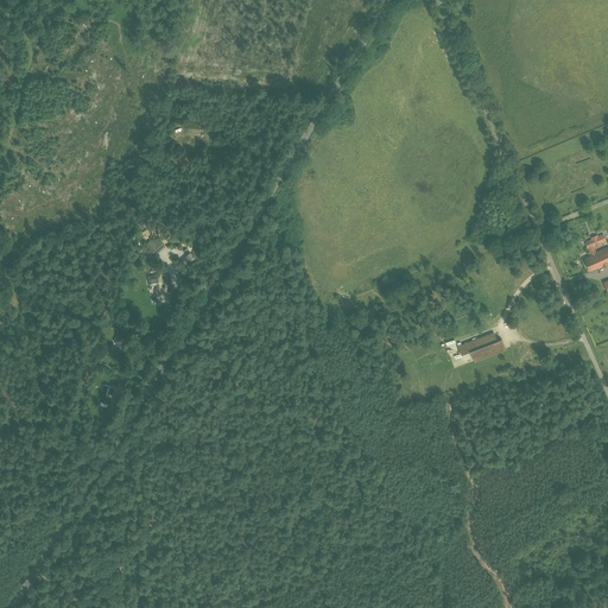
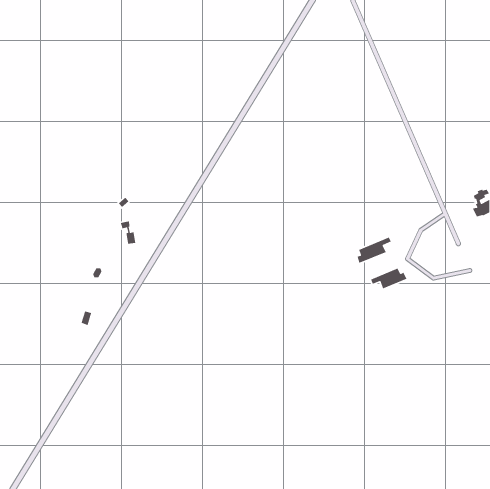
building: none -> [356,237,392,264]

